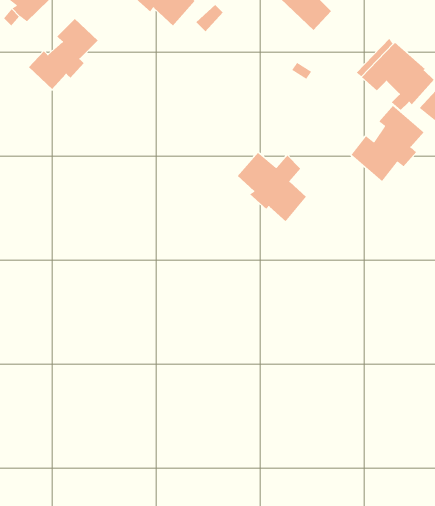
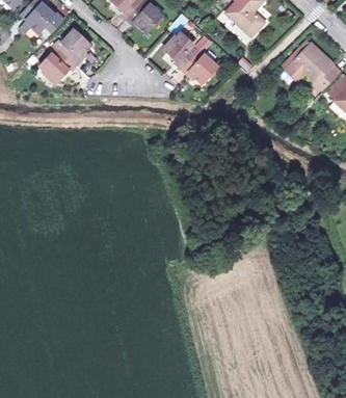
building: [350,105,425,182] -> none
building: [237,152,307,222] -> [165,32,217,84]

